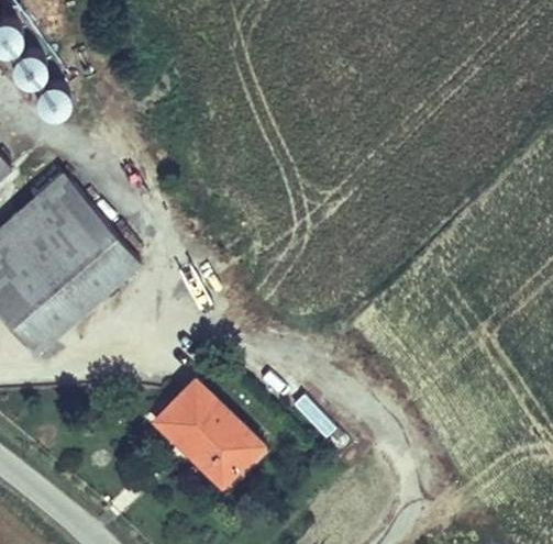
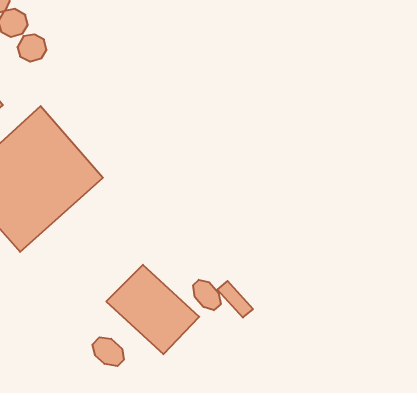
building: none -> [193,280,221,310]
building: none -> [93,337,124,366]

